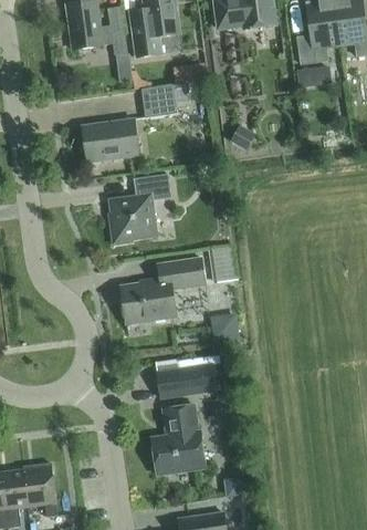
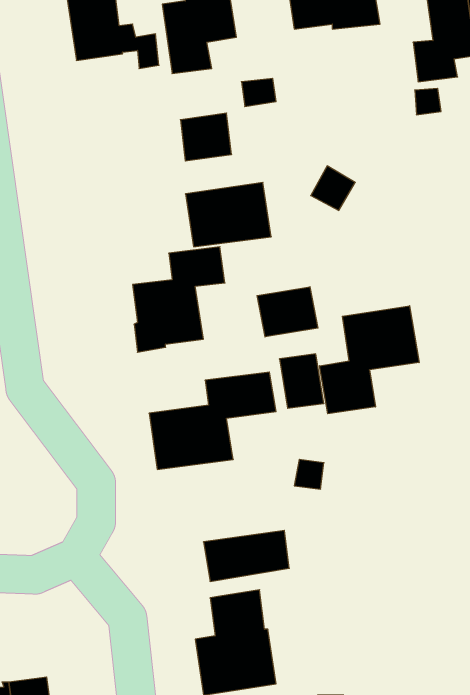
building: [82,118,139,162] -> [185,182,271,247]
building: none -> [257,287,318,337]
building: none -> [320,306,419,414]

